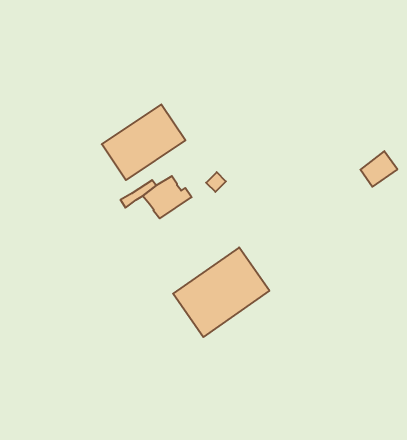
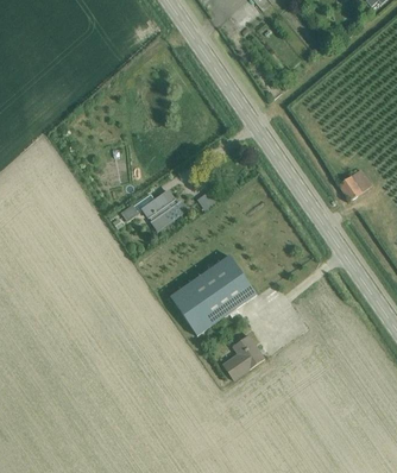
building: [102,104,185,180] -> none
building: none -> [222,334,265,379]

